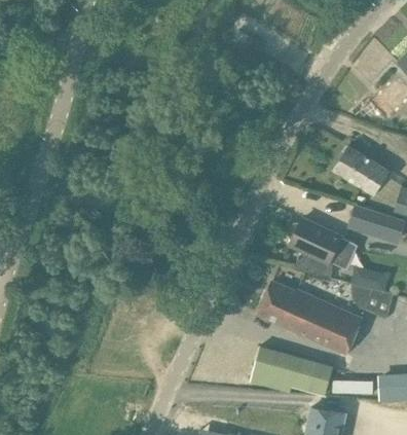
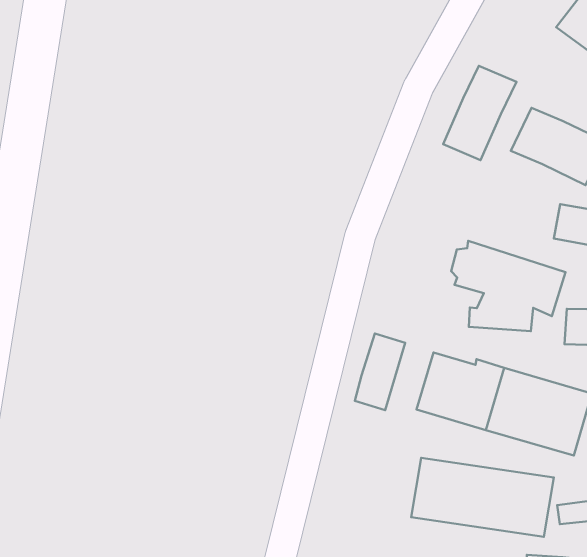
building: none -> [443,66,516,160]
building: none -> [355,334,405,410]

